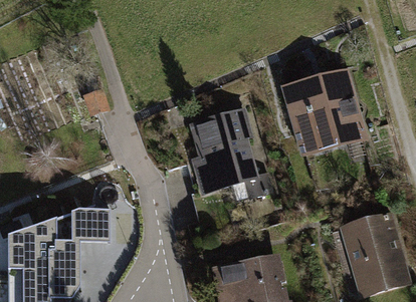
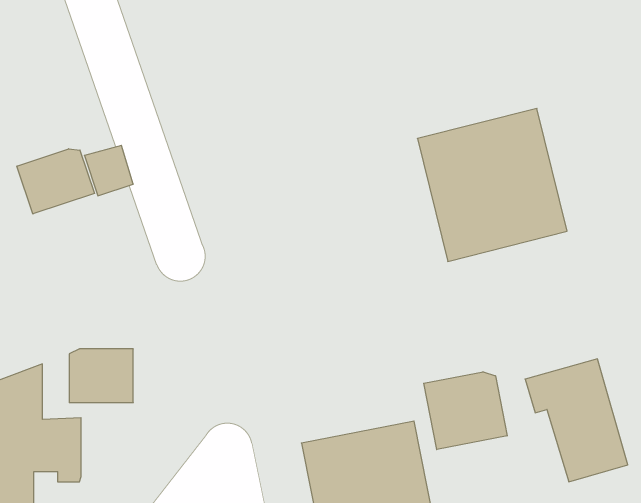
building: none -> [17,149,94,214]
building: [187,106,259,195] -> none
building: none -> [424,372,507,450]

